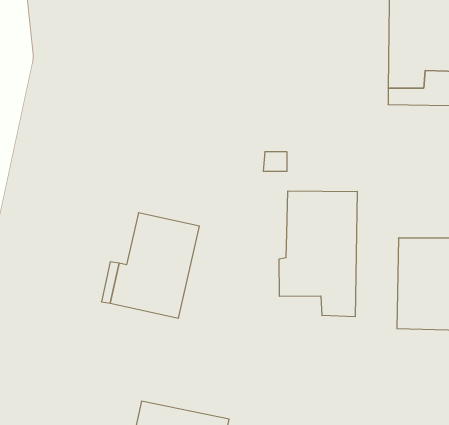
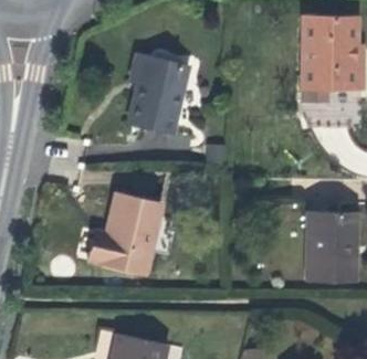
building: none -> [128,54,187,131]
building: [279,191,357,317] -> none

